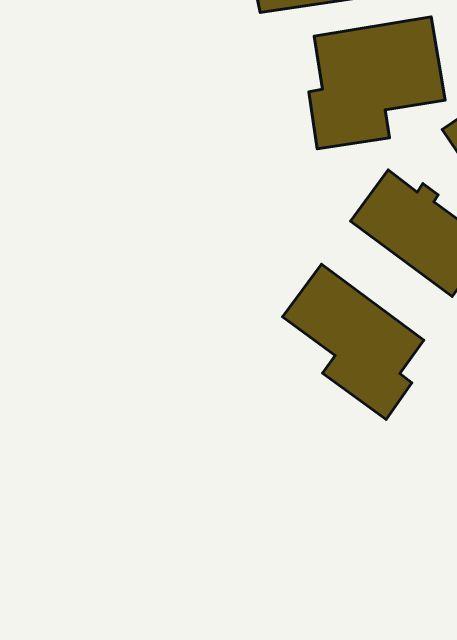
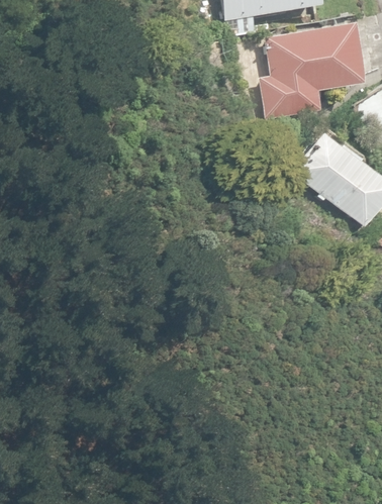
building: [283,264,424,420] -> none

